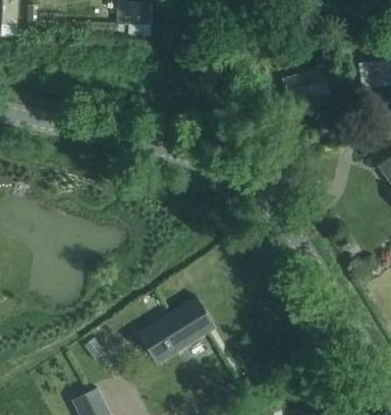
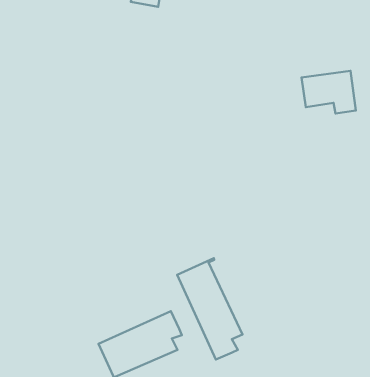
building: none -> [177,258,243,360]

